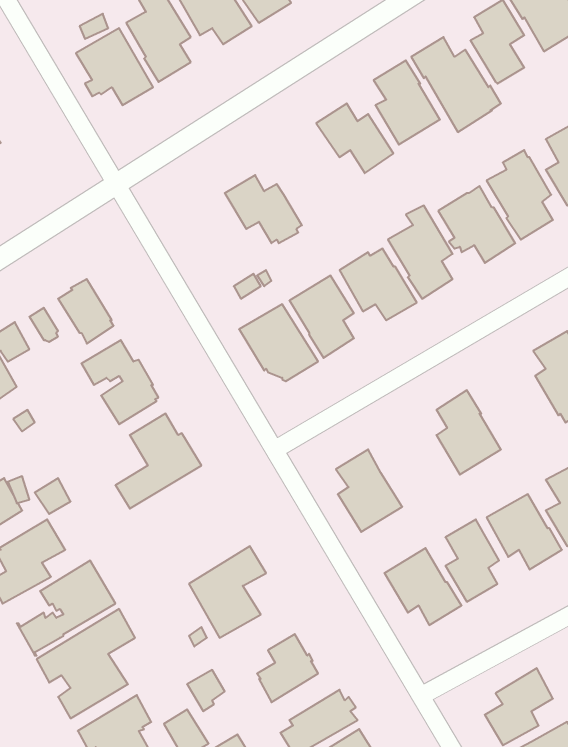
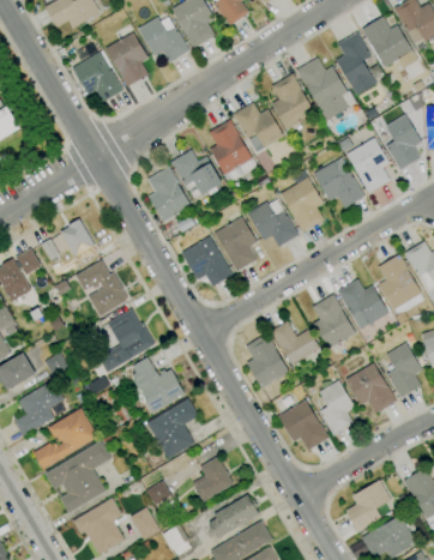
building: none -> [209,120,258,183]
building: none -> [147,167,191,222]
building: none -> [337,279,390,325]
building: none -> [271,321,320,365]
building: none -> [132,357,186,414]

